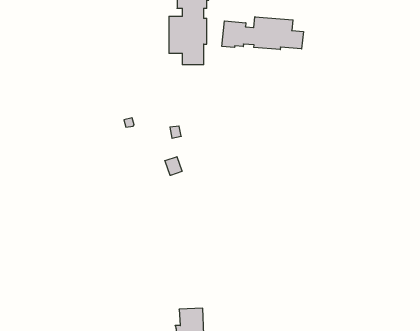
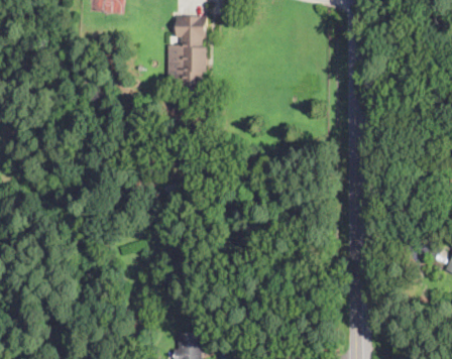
building: [222,17,303,50] -> none

